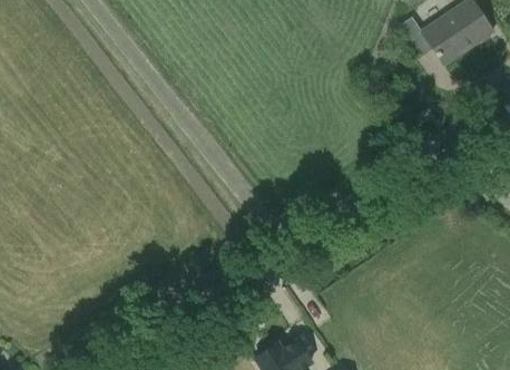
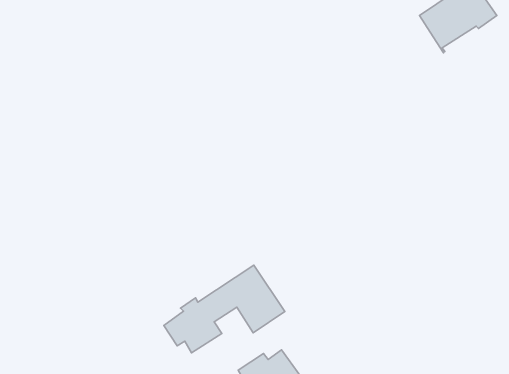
building: none -> [164,265,285,353]

